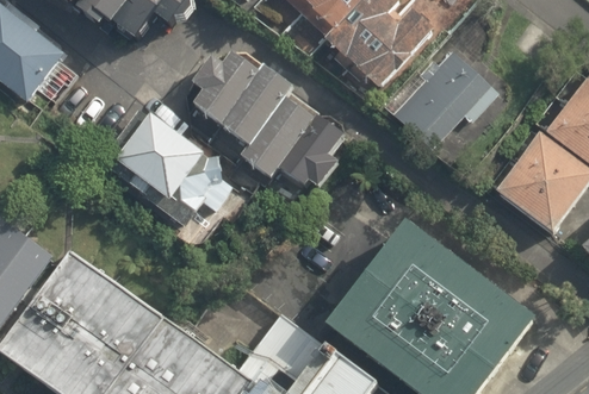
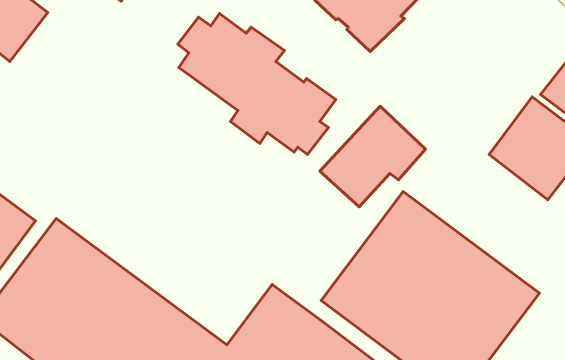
building: [395,49,497,146] -> [320,106,425,207]
building: [100,105,230,223] -> none

